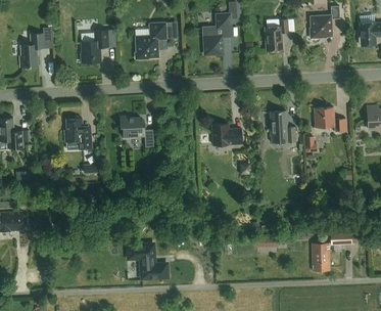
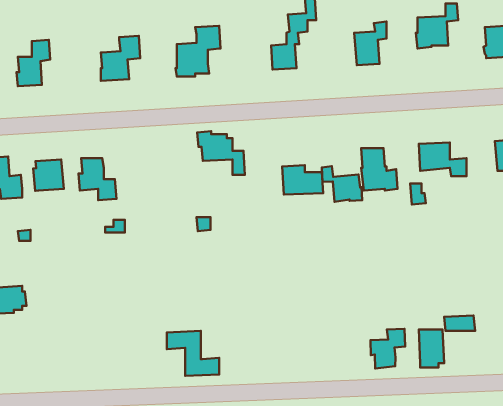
building: [120,116,154,147] -> [197,131,245,175]
building: none -> [33,160,64,191]
building: none -> [322,166,362,202]
building: none -> [370,329,405,368]

